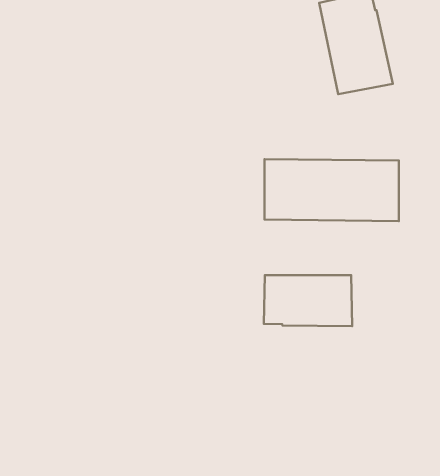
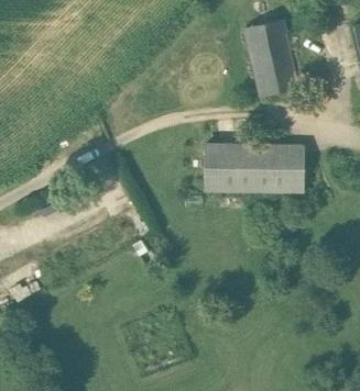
building: [264,275,352,326] -> none

